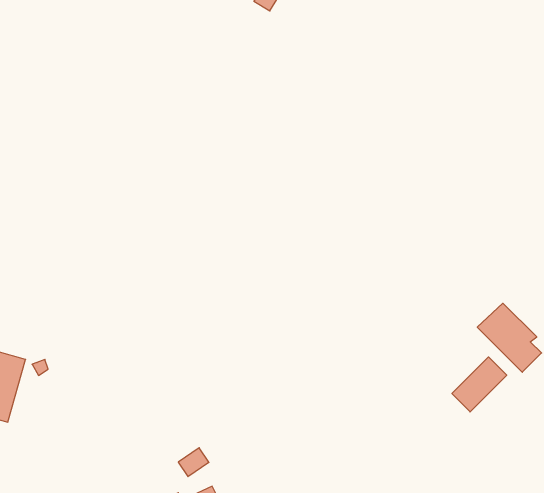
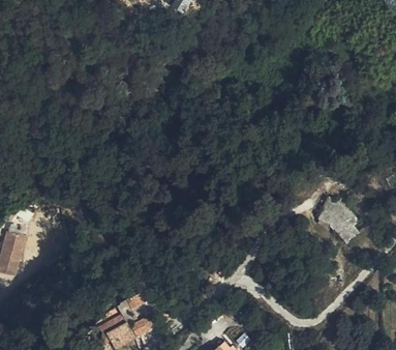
building: [452,357,507,412] -> none

